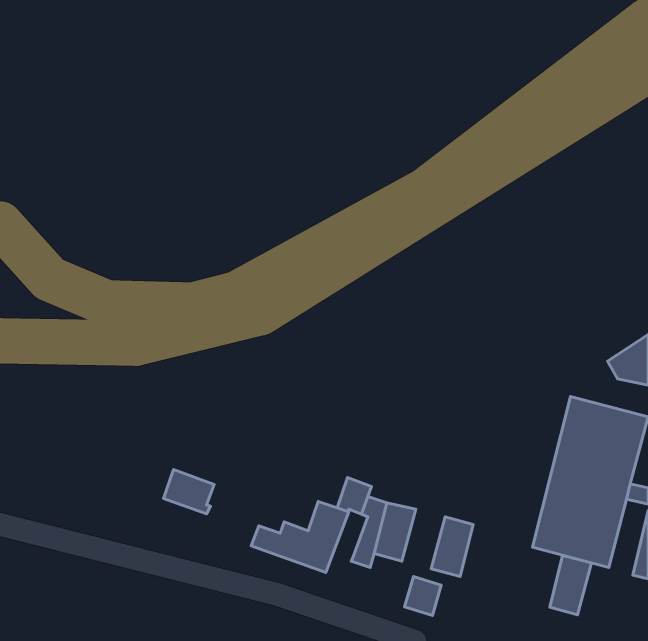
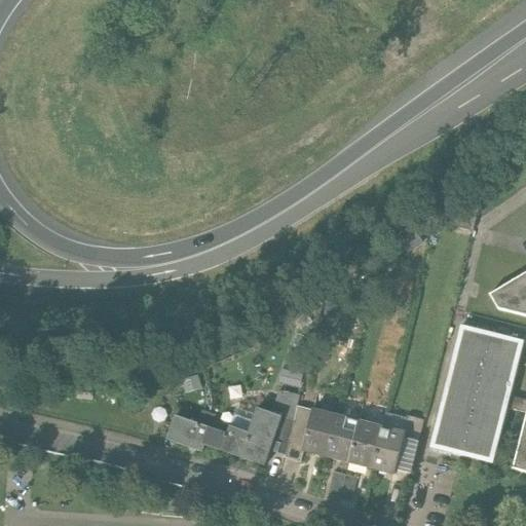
building: [163,469,214,514] -> [168,414,210,450]
building: none -> [270,413,298,453]
building: none -> [326,413,361,461]
building: [550,555,592,615] -> [373,425,407,474]

